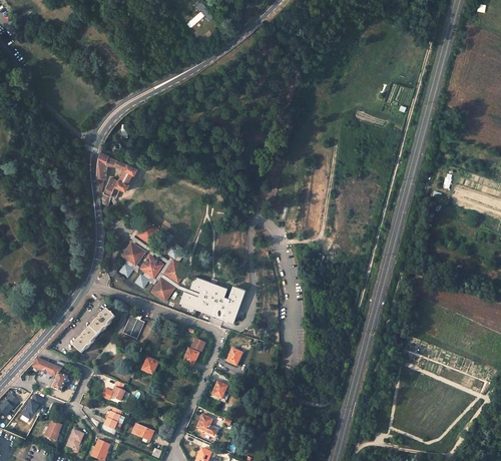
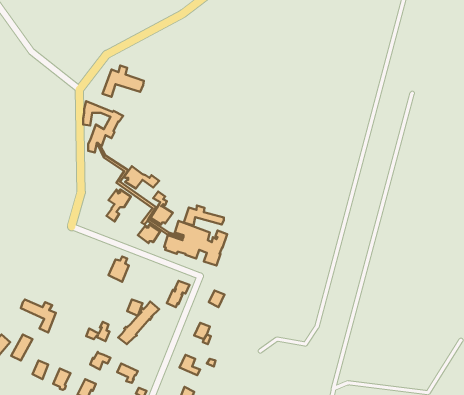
building: none -> [102,65,144,97]
building: [136,256,164,287] -> none
building: none -> [184,205,224,225]
building: [72,308,114,352] -> [118,301,159,344]

